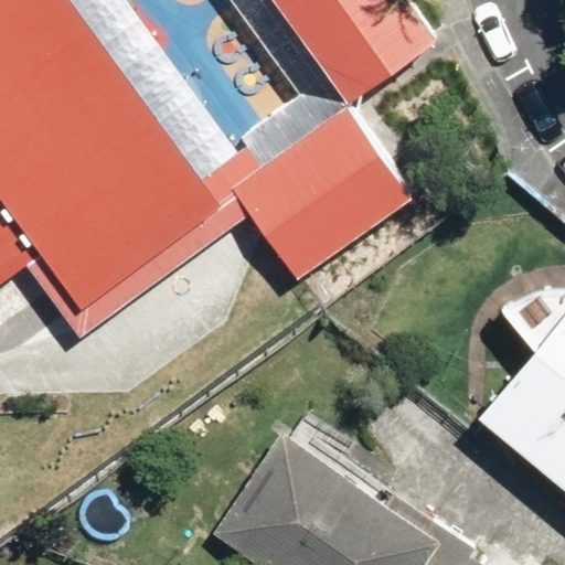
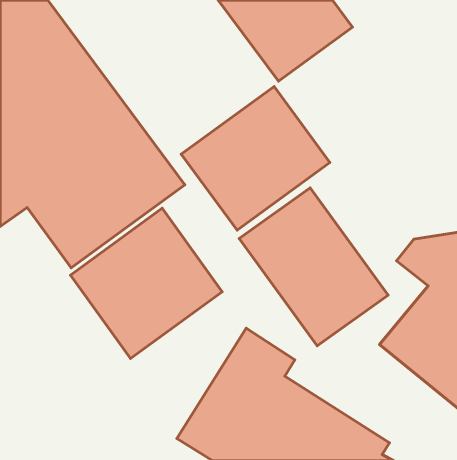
building: none -> [239,188,388,346]
building: none -> [71,208,222,358]

